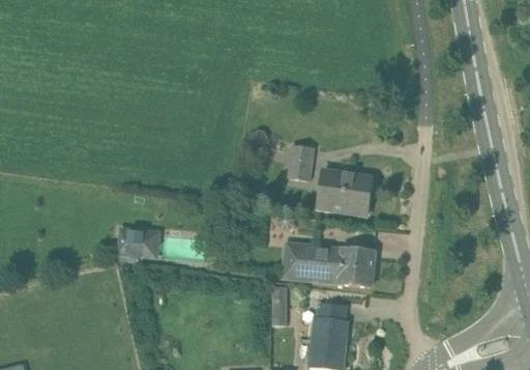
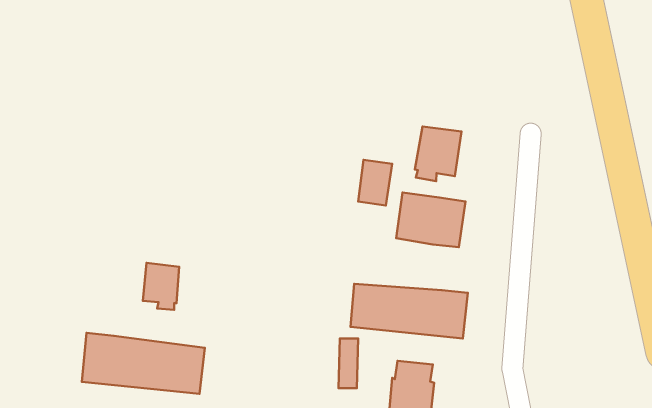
building: none -> [415,127,461,181]
building: none -> [82,333,205,394]

